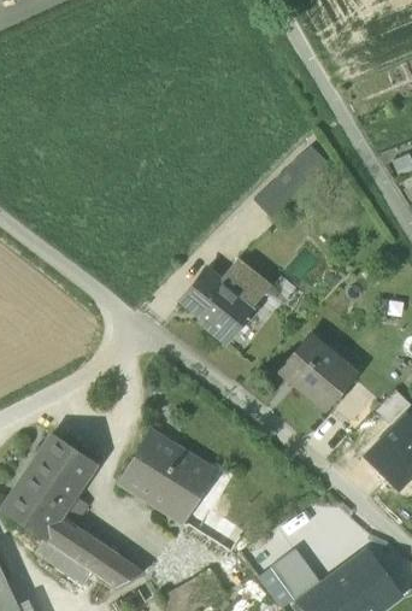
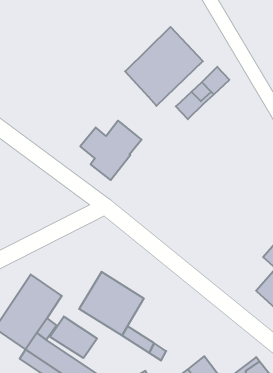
building: none -> [125,27,203,106]
building: [184,260,270,343] -> [80,121,142,180]
building: [279,336,355,410] -> none
building: none -> [50,316,97,358]

